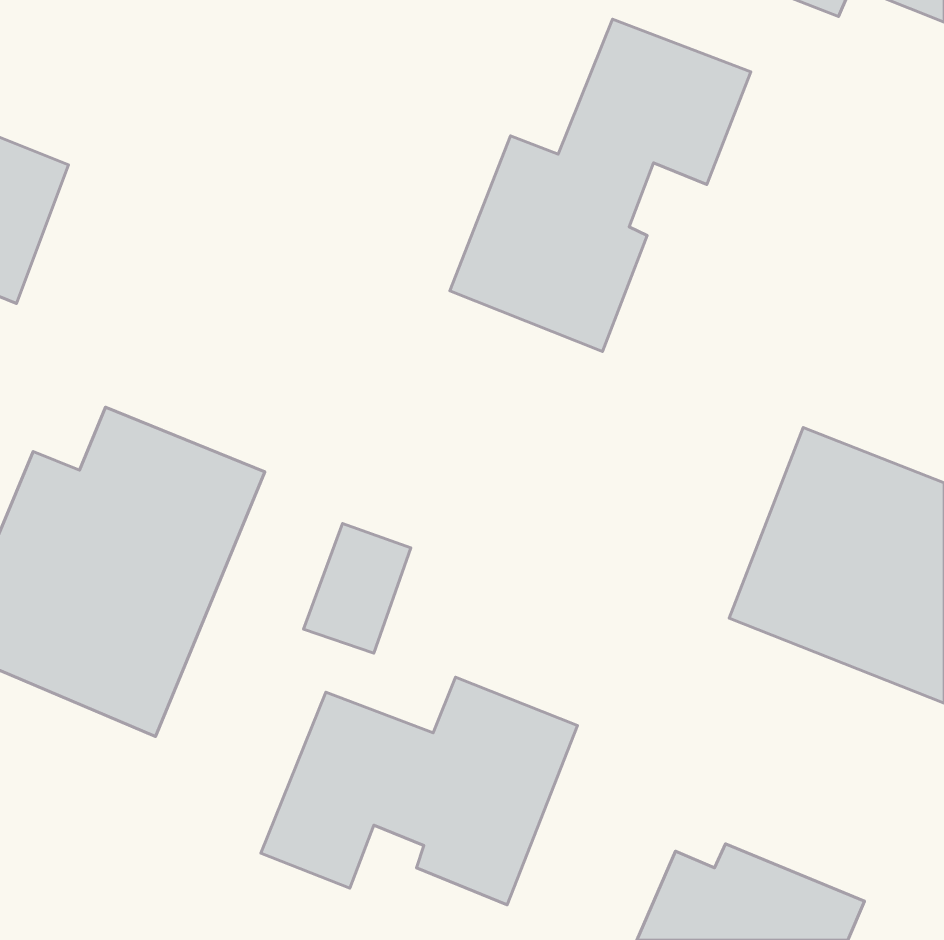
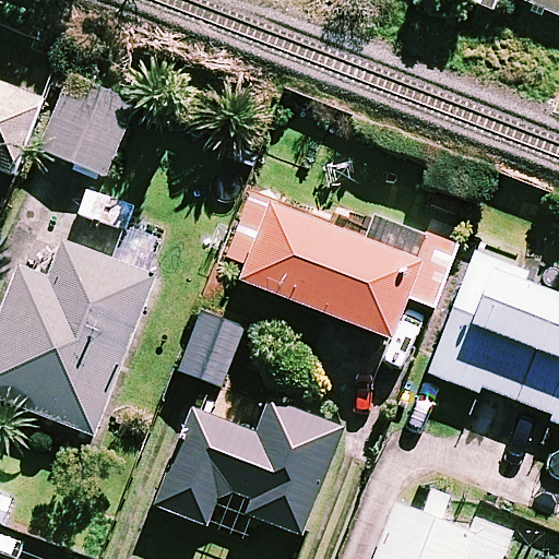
building: [450,19,751,351] -> none
building: none -> [39,74,135,175]
building: none -> [242,203,429,338]

